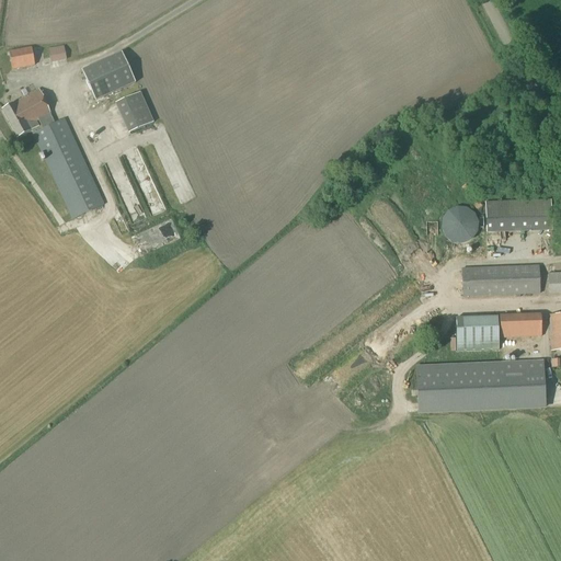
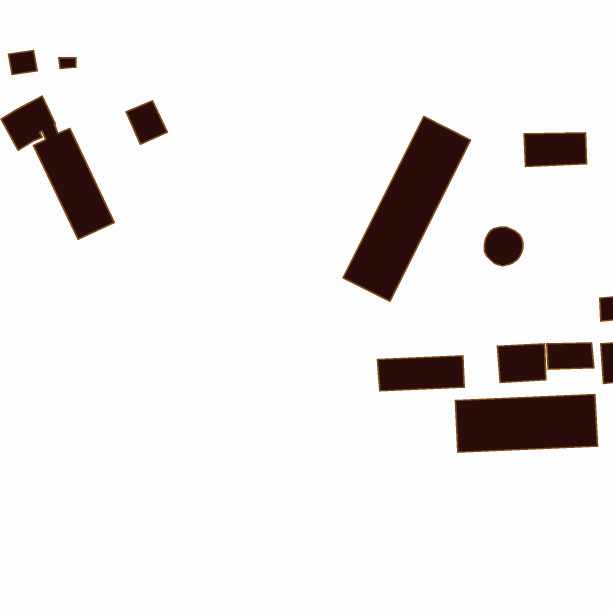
building: [81,50,136,100] -> none
building: none -> [343,116,470,301]
building: [490,203,547,233] -> [524,133,587,166]
building: [461,264,540,296] -> [378,356,464,391]

